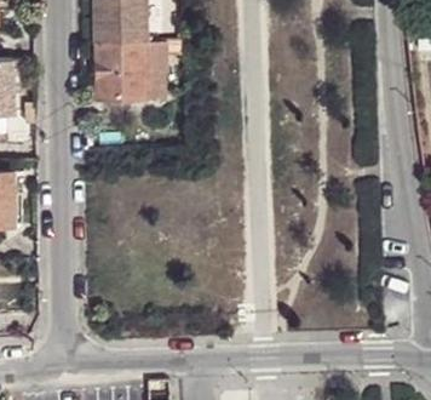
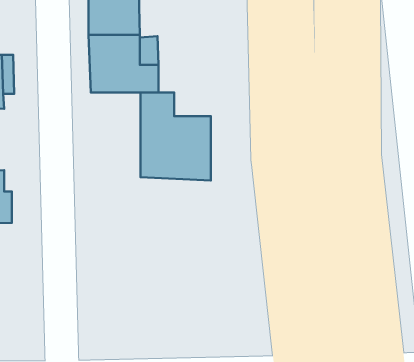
building: none -> [140,93,211,180]

